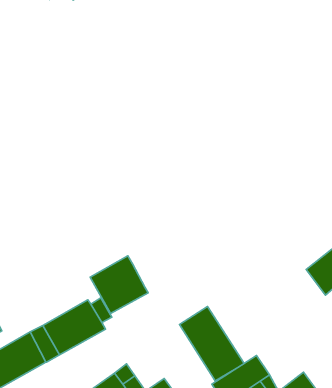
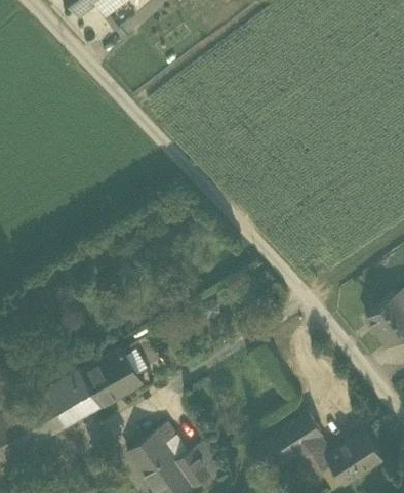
building: [90,256,148,314] -> none
building: [180,307,244,381] -> none

